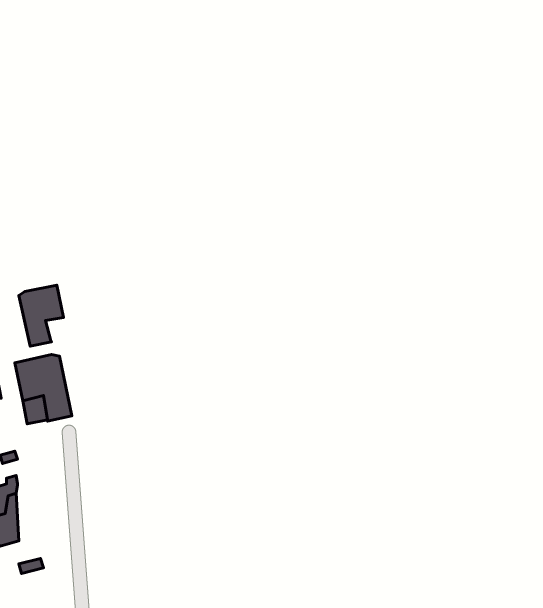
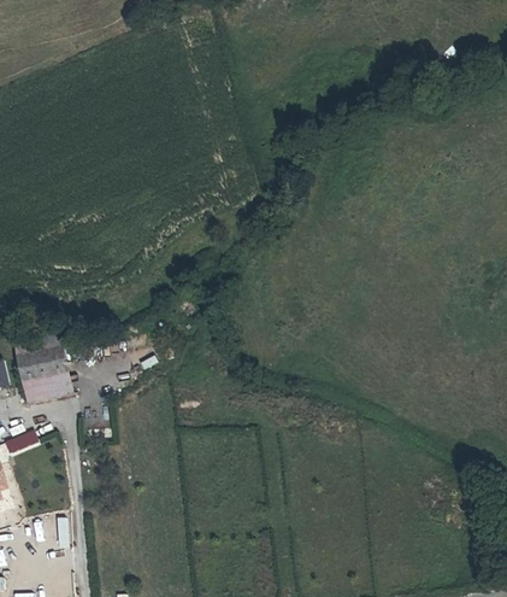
building: [19,285,64,346] -> none

